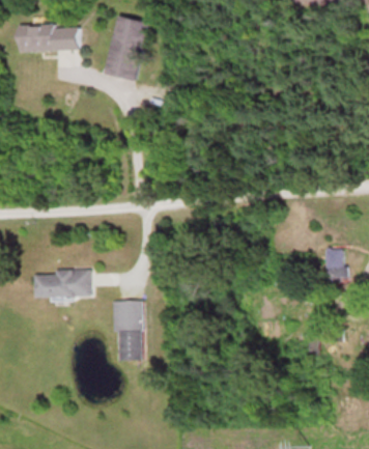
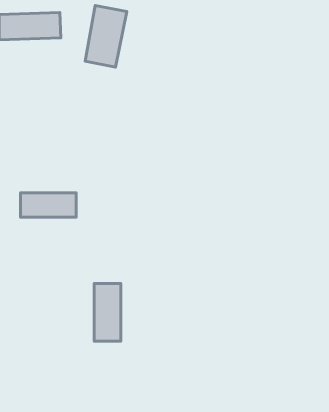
building: [327,250,344,279] -> none
building: [34,272,91,297] -> [20,193,76,217]

